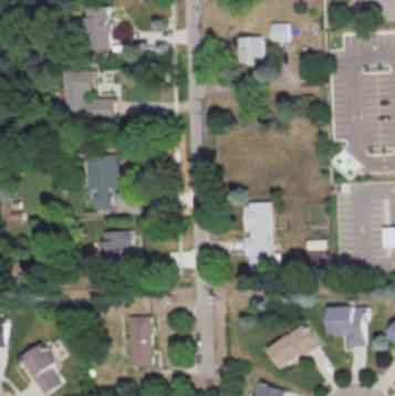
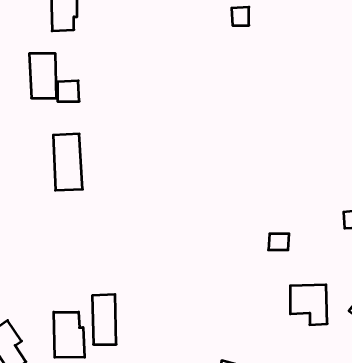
building: [237,37,261,62] -> none
building: [243,201,272,271] -> none
building: [100,229,137,262] -> none
building: [269,323,320,369] -> none
building: none -> [54,312,85,357]

